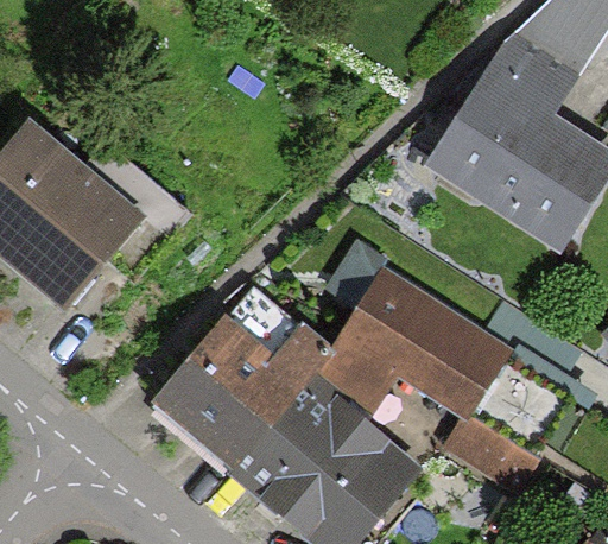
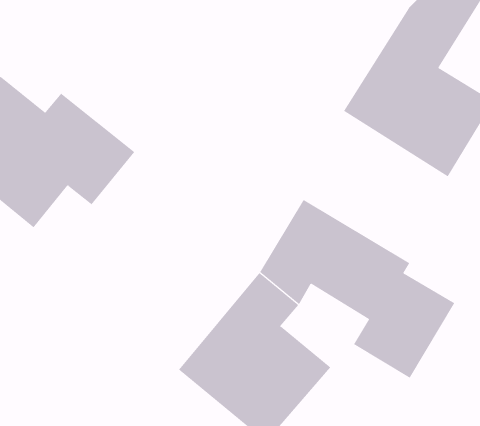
building: [151,289,330,473] -> none

